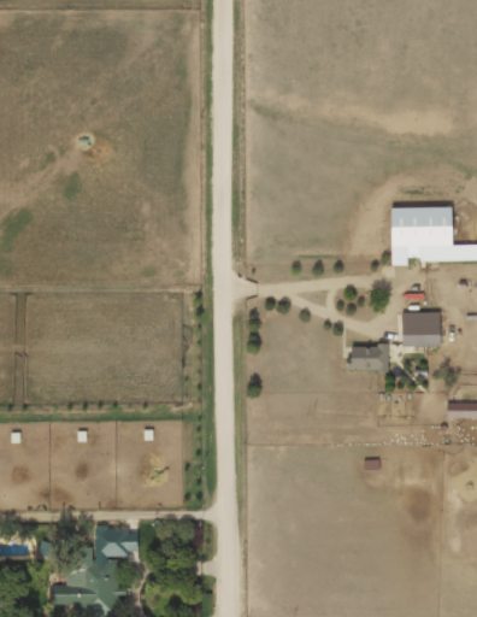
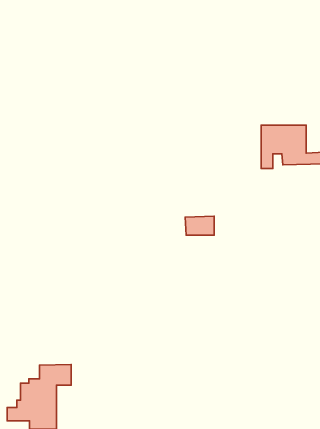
building: [401,312,440,346] -> none
building: [349,345,388,370] -> [185,216,214,235]

